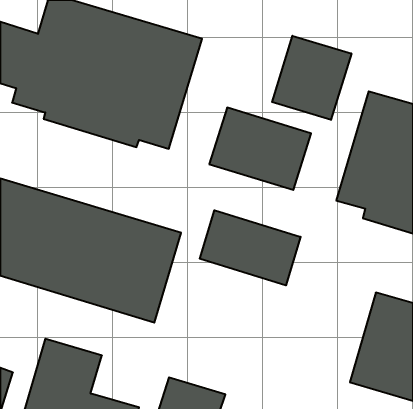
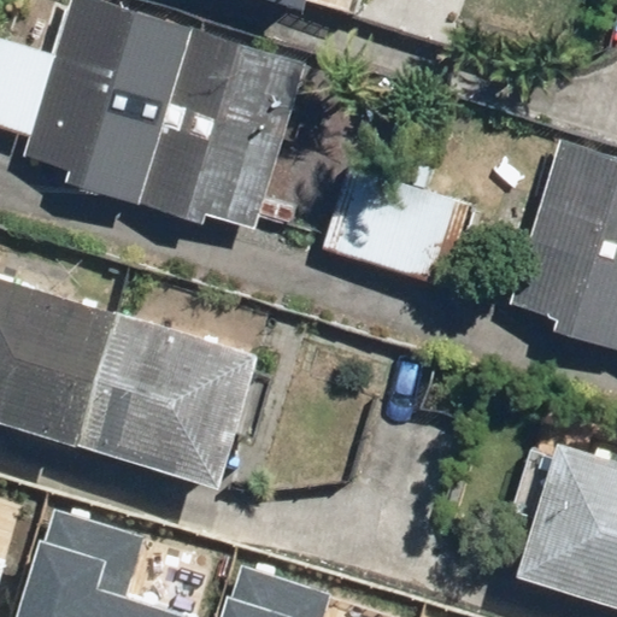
building: [272,36,351,120] -> none
building: [200,210,301,285] -> none

